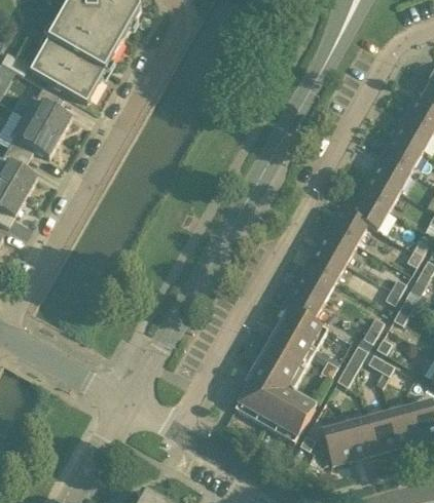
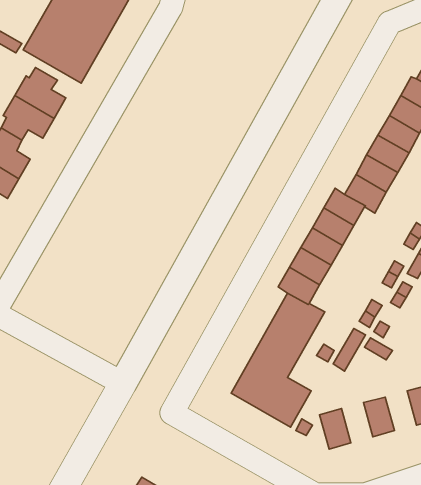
building: [388,407,419,446] -> none
building: [345,418,375,458] -> none

